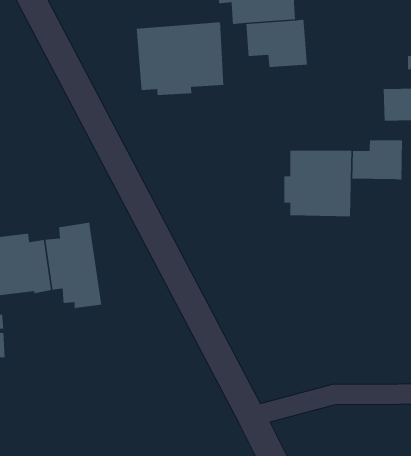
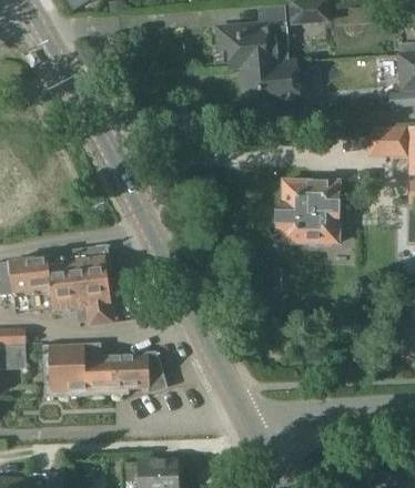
building: [136,21,224,96] -> none
building: [352,139,403,180] -> none
building: none -> [44,342,166,395]

